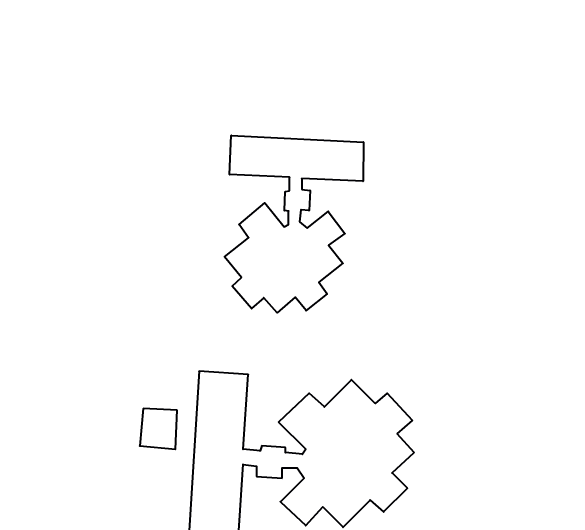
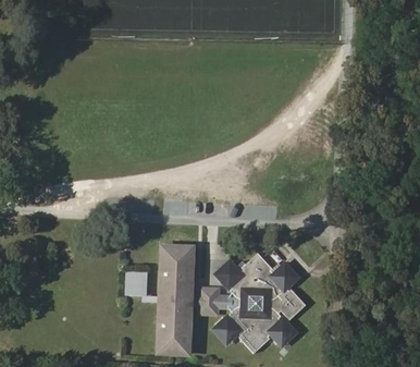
building: [225,135,363,313] -> none

